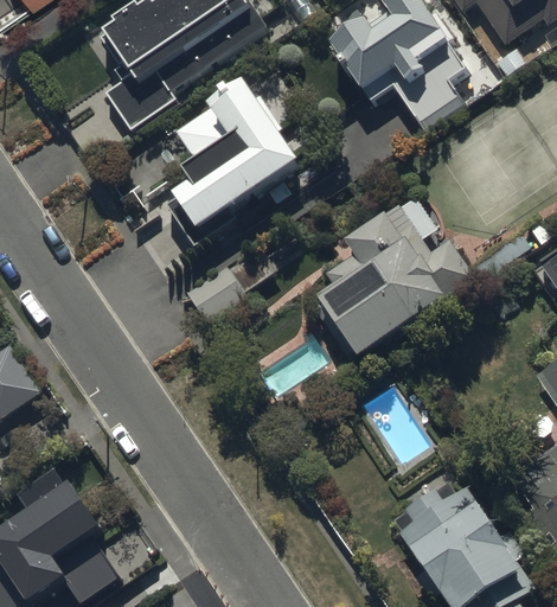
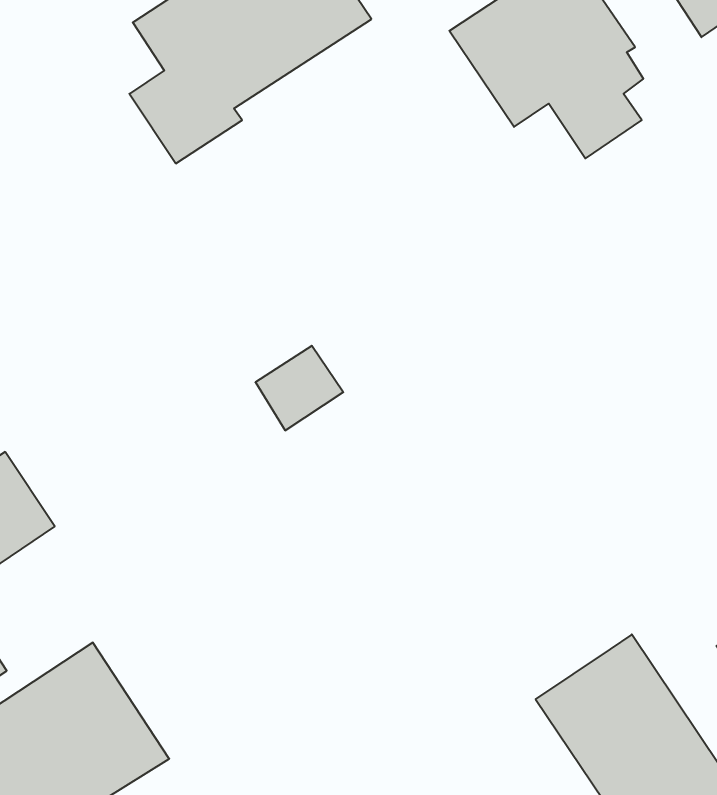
building: [167,77,306,247] -> none
building: [318,209,478,375] -> none

